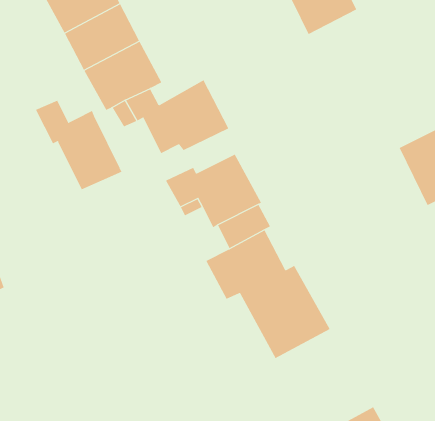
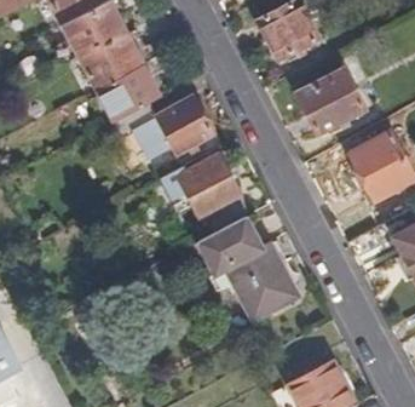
building: none -> [298,65,367,133]
building: [35,100,122,190] -> none

